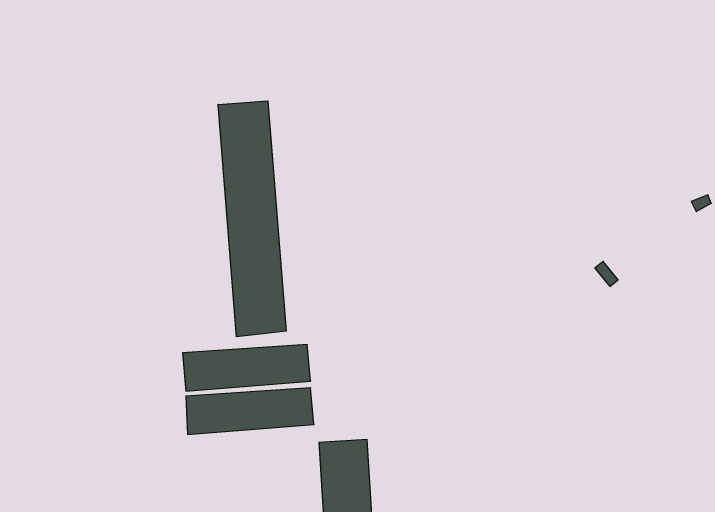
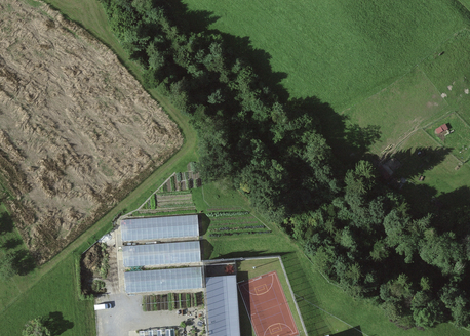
building: [218,101,286,337] -> none
building: none -> [124,266,203,295]

